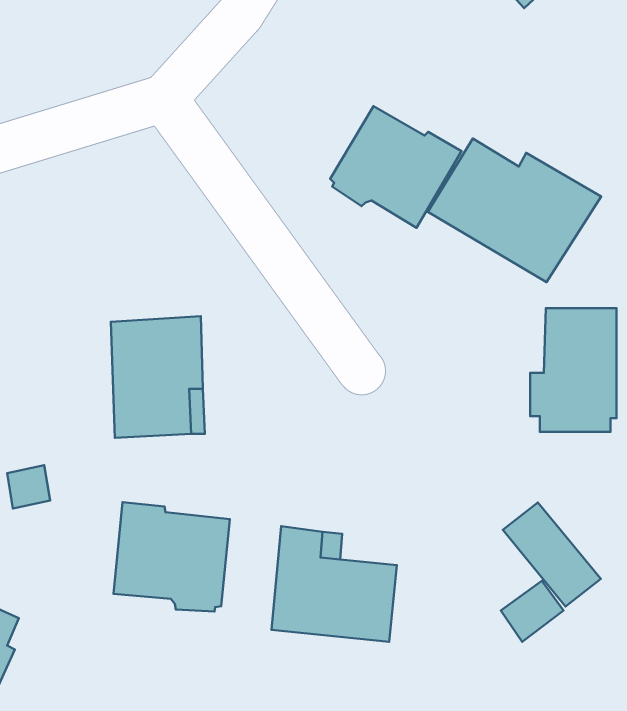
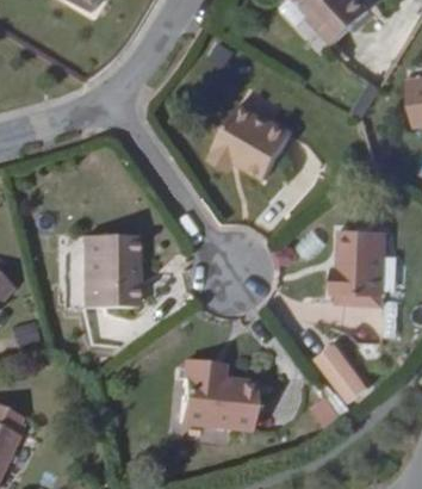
building: [428,139,601,282] -> none
building: [113,502,230,611] -> none

